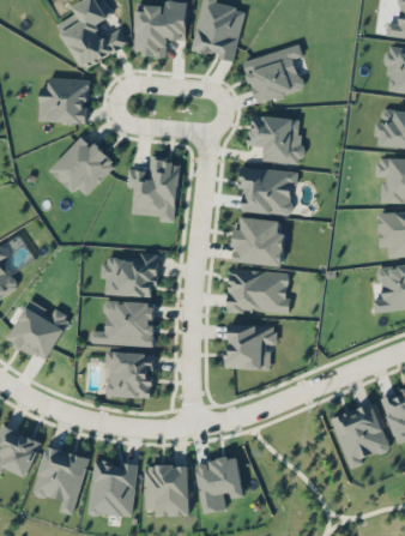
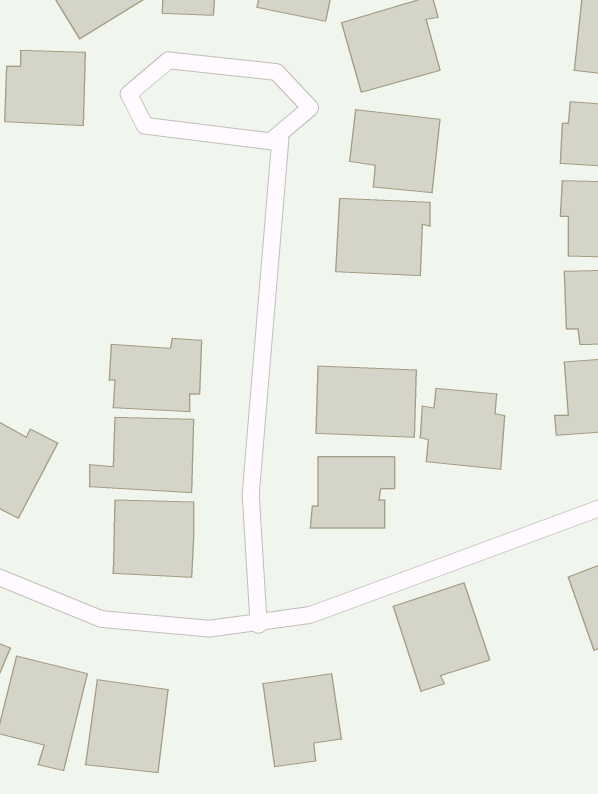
building: [49,134,116,195] -> none
building: [127,159,179,223] -> none
building: [232,217,284,266] -> [420,388,505,469]
building: [332,403,391,469] -> [393,583,490,691]
building: [144,465,189,517] -> none

